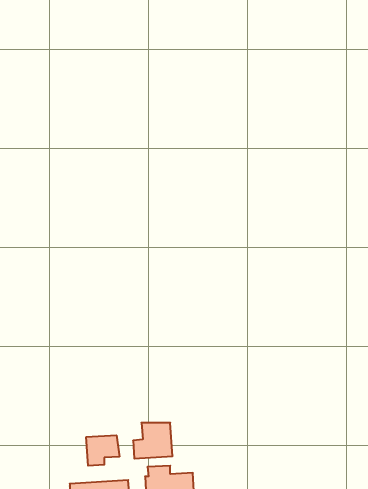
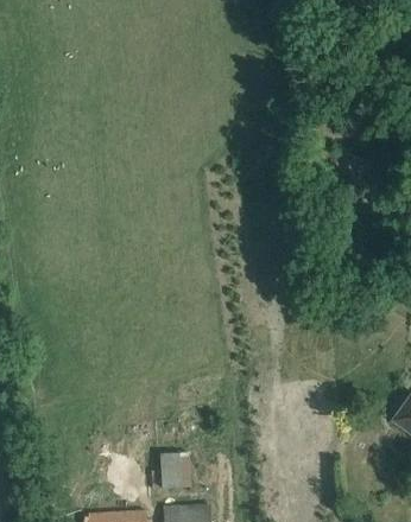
building: [86,435,119,466] -> none

